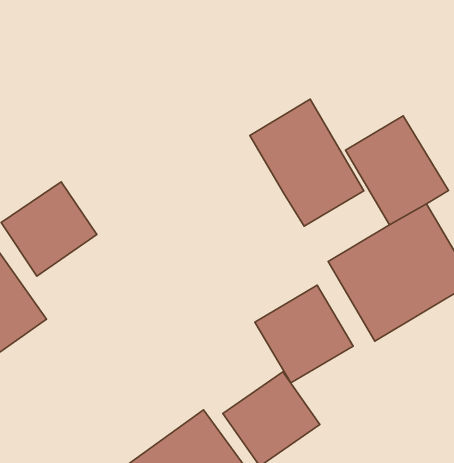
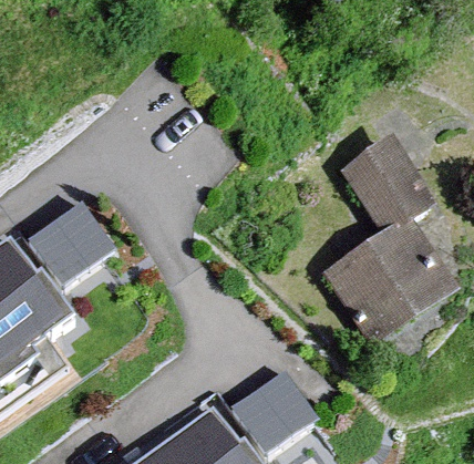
building: [250,99,364,226] -> none
building: [255,285,353,383] -> none

